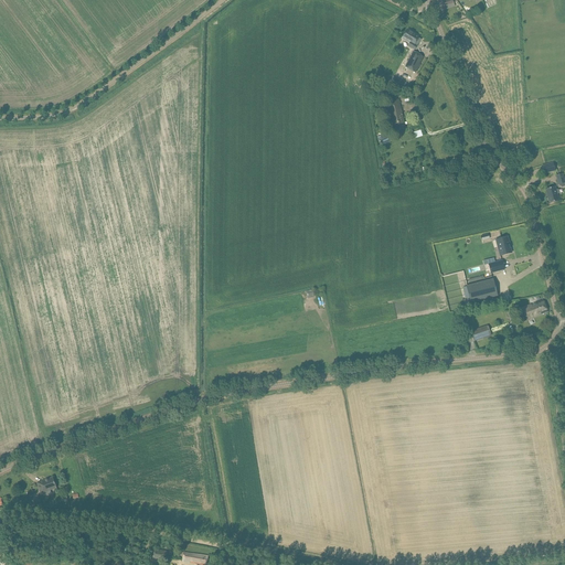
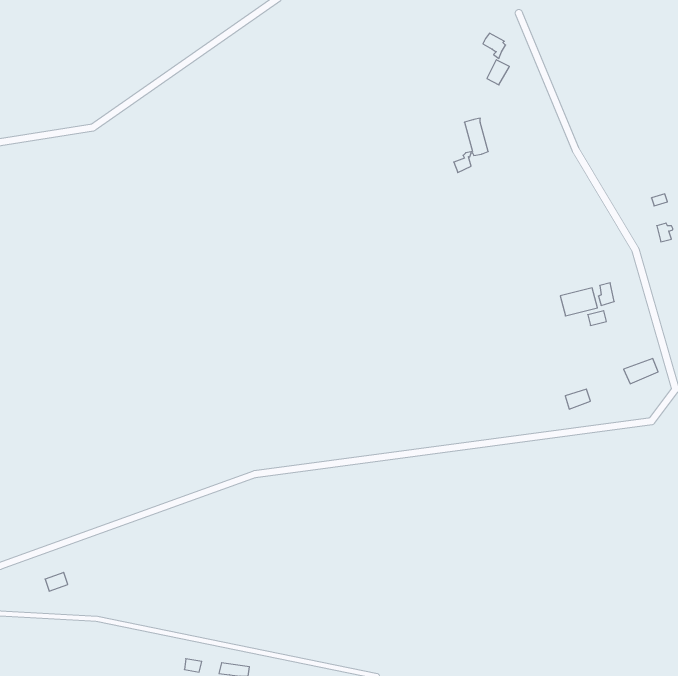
building: [467,277,498,300] -> [560,288,597,316]

